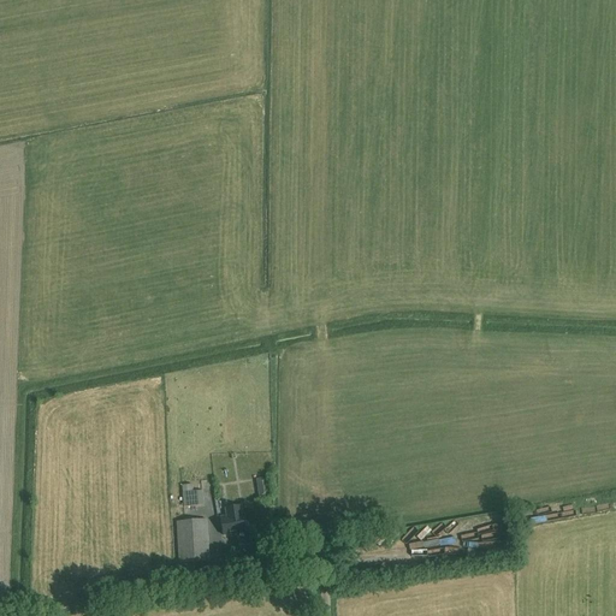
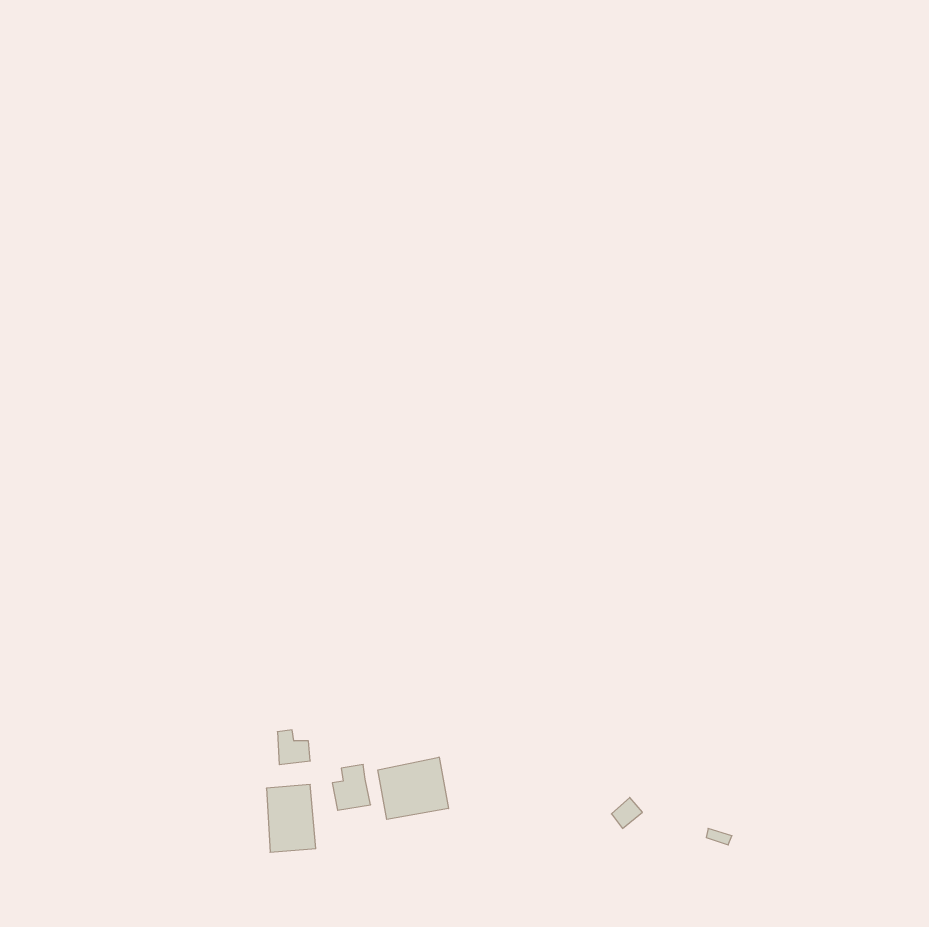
building: none -> [378,757,448,819]

